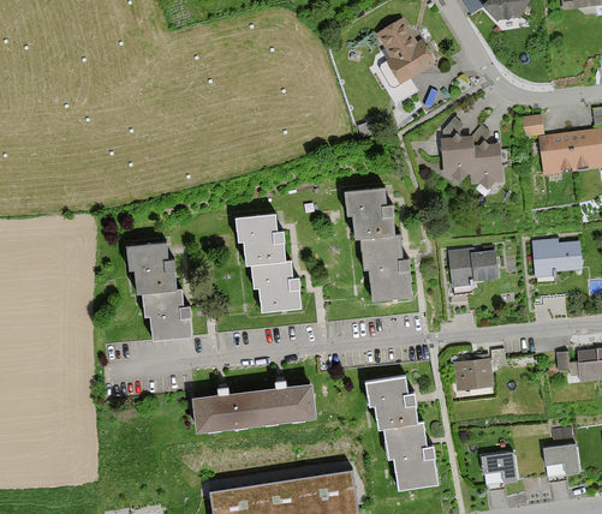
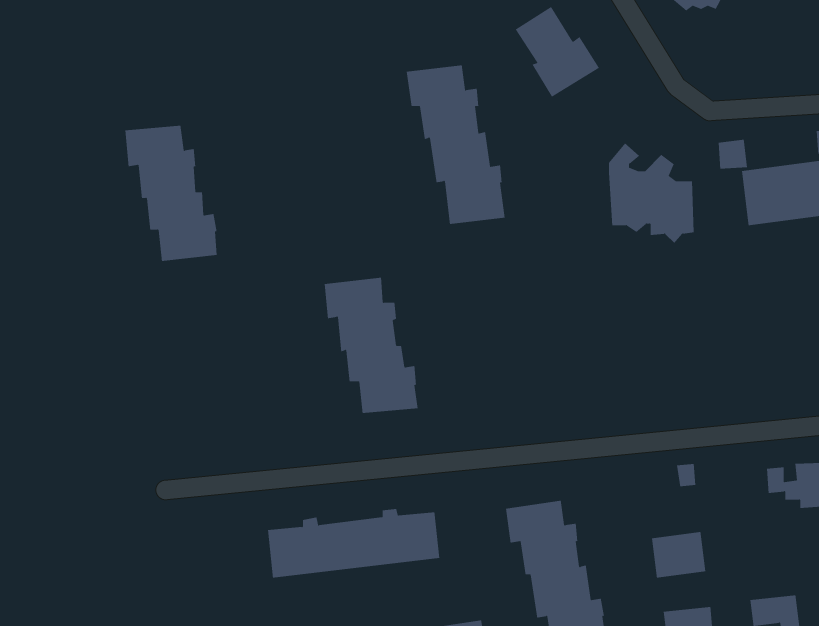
building: [339,185,411,300] -> [406,65,506,225]
building: [530,239,580,279] -> none
building: [126,244,193,342] -> [125,125,218,262]
building: [447,250,499,288] -> none
building: [453,358,493,392] -> [651,532,706,578]

